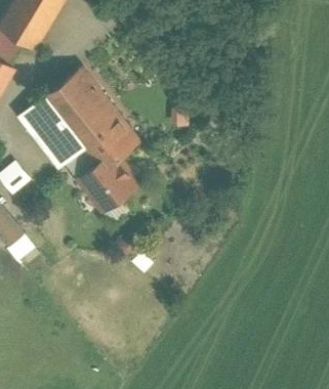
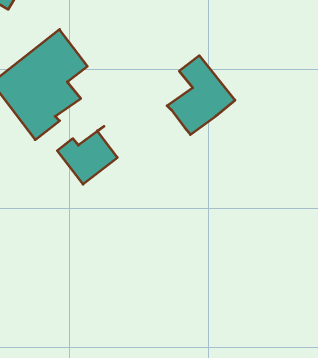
building: [78,99,140,172] -> [167,56,235,135]

